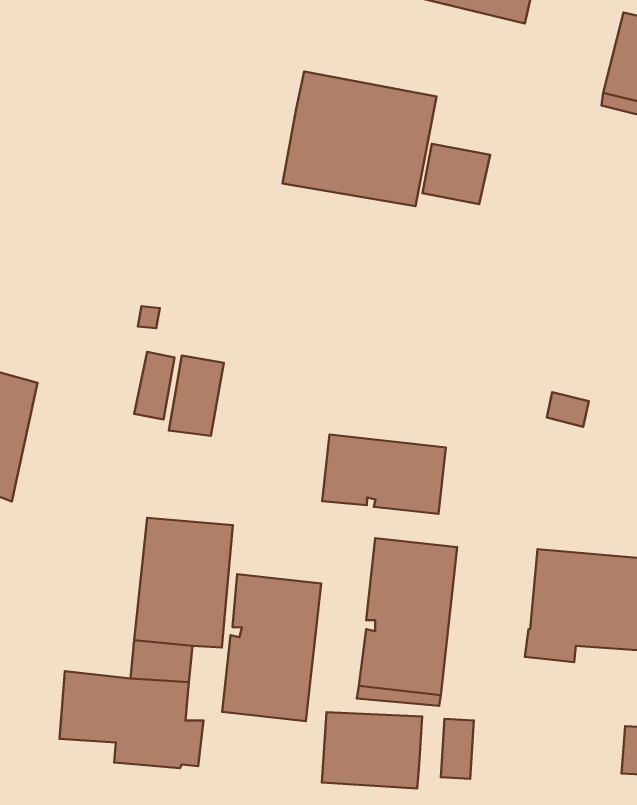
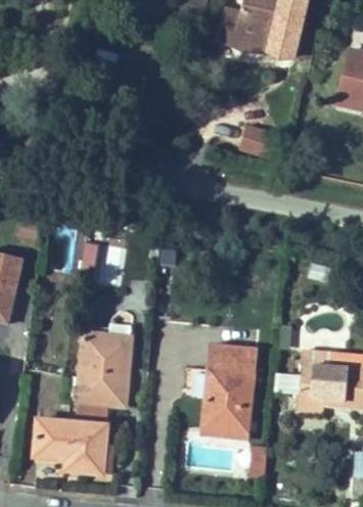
building: [283,72,437,206] -> none
building: [322,434,446,514] -> none
building: [222,574,321,721] -> none
building: [322,712,422,789] -> none

